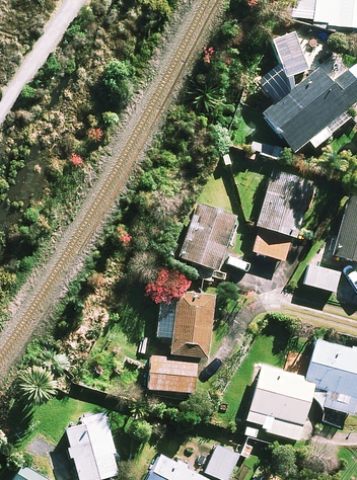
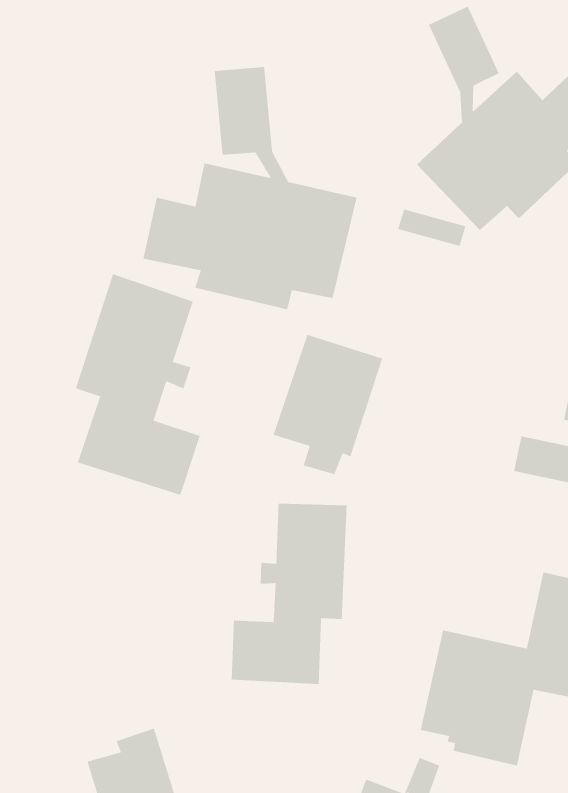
building: none -> [143,66,357,310]
building: none -> [75,273,201,496]
building: [253,170,313,259] -> none

